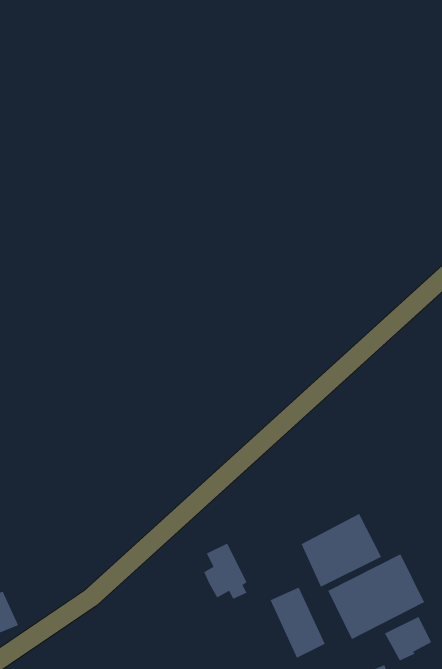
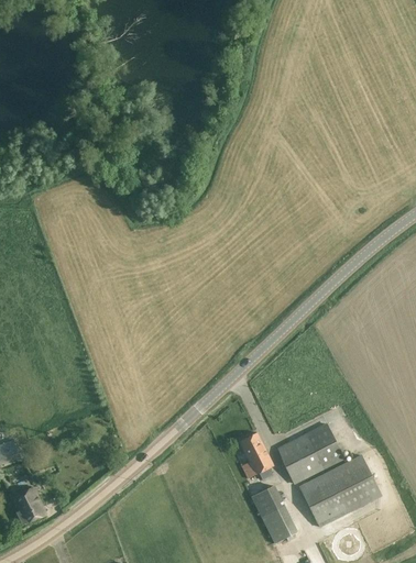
building: [203,542,247,600] -> [237,432,273,479]
building: [384,616,432,662] -> none

